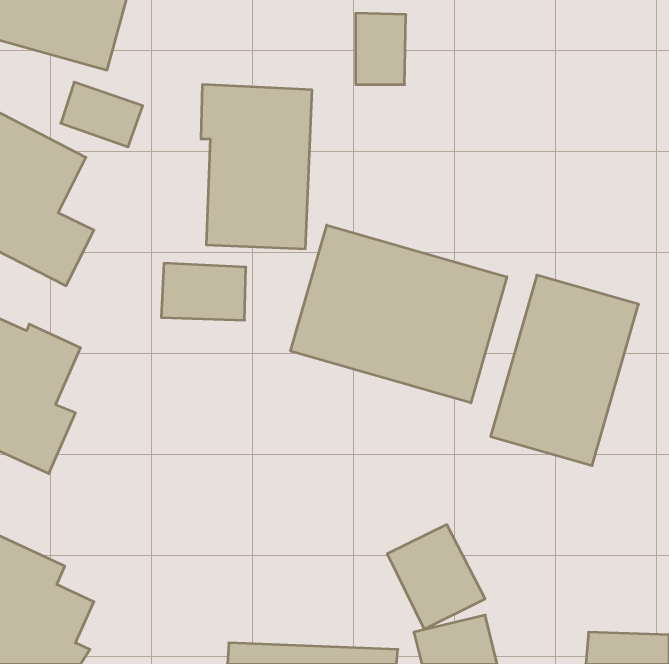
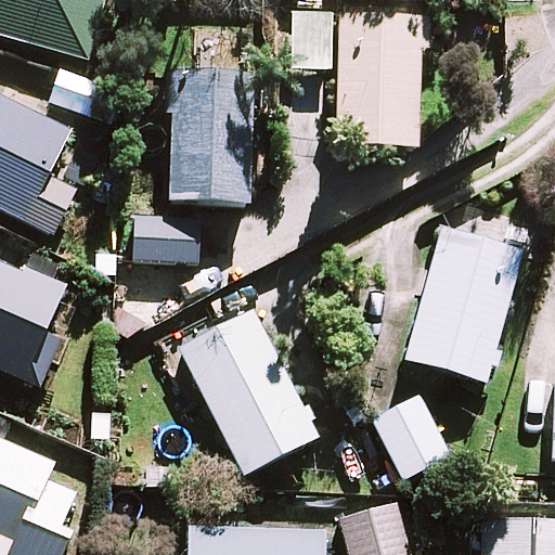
building: none -> [336,14,428,147]
building: [291,225,507,403] -> none
building: none -> [179,308,319,474]
building: [387,525,485,629] -> [372,393,452,479]

